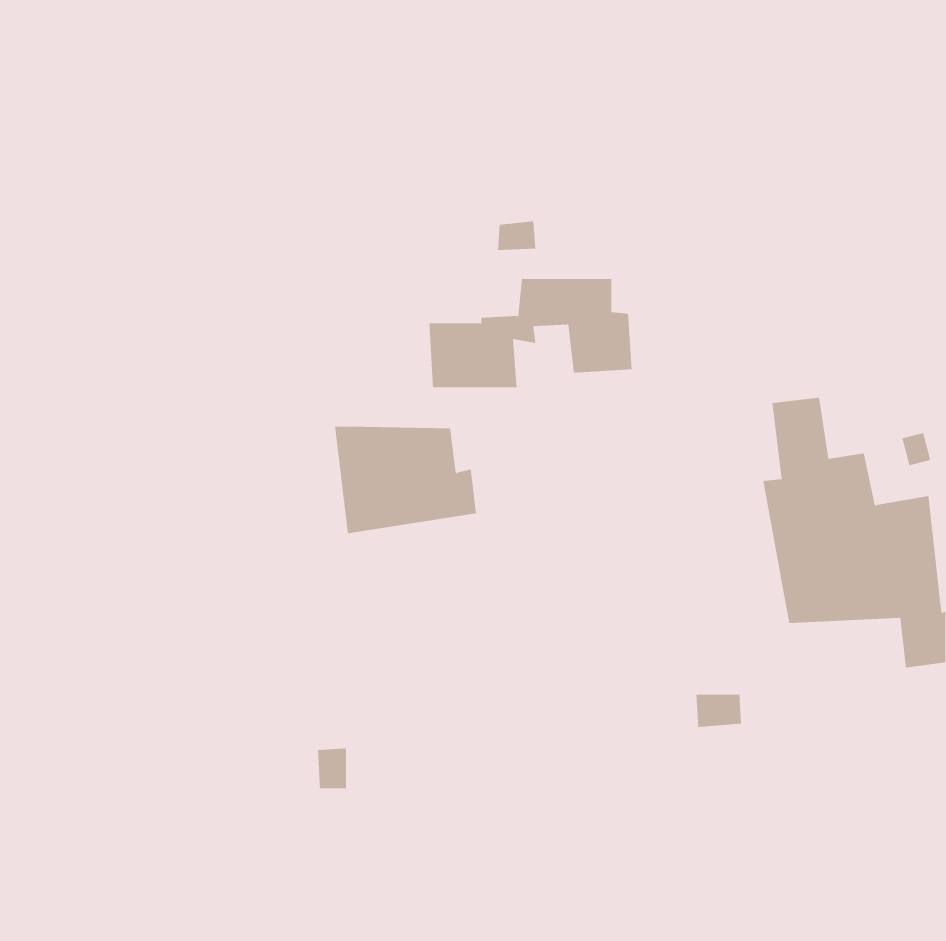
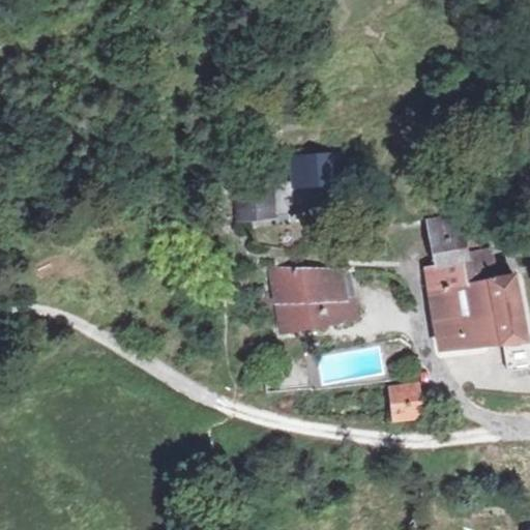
building: [334,426,477,534] -> [271,267,351,327]

